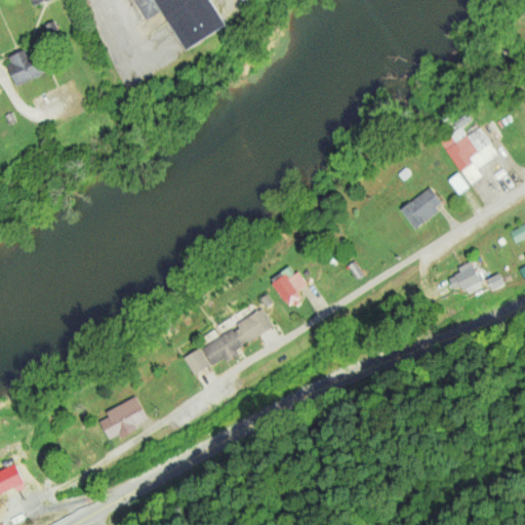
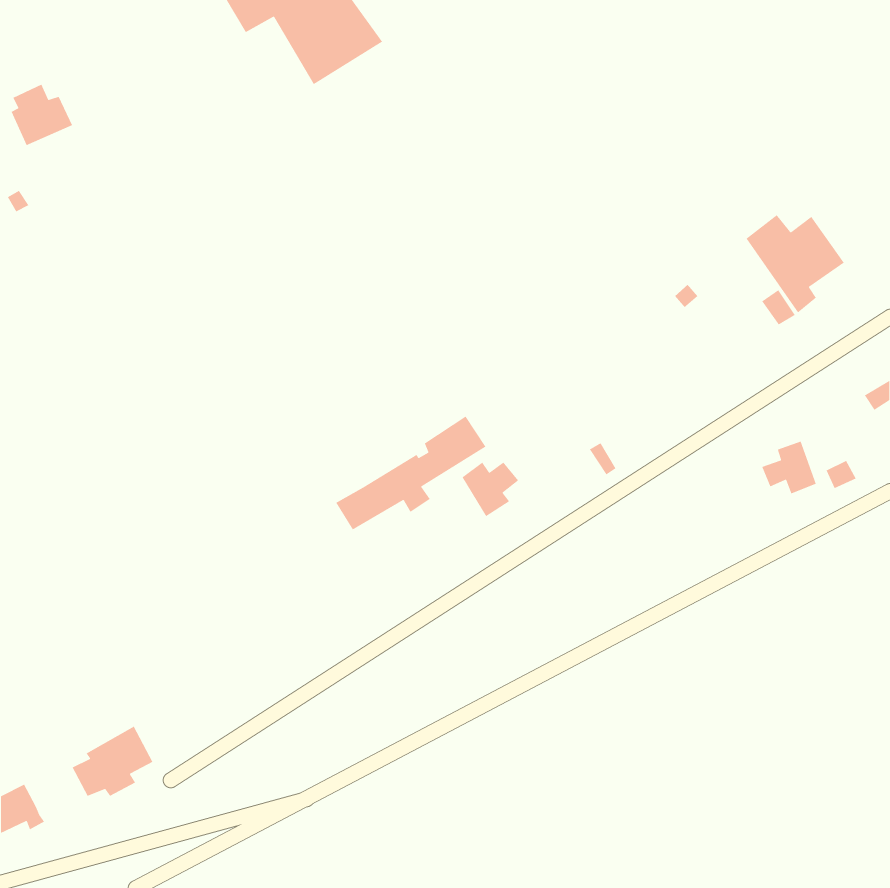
building: [400,187,441,229] -> none
building: [184,307,273,374] -> [335,415,487,530]
building: [98,395,147,437] -> [72,725,153,797]

